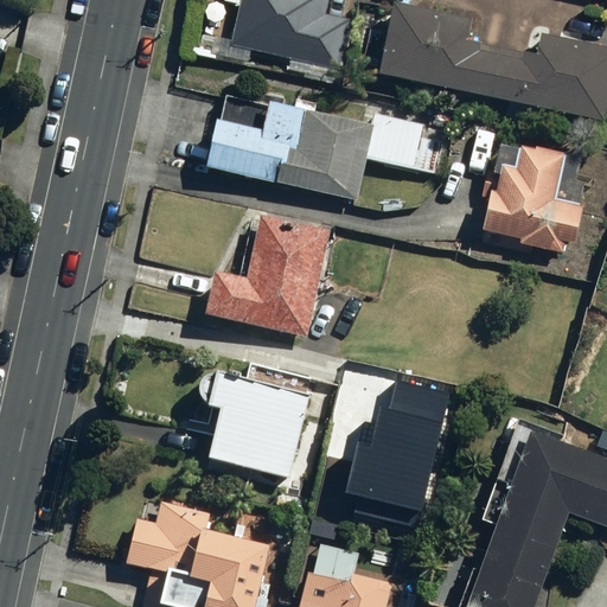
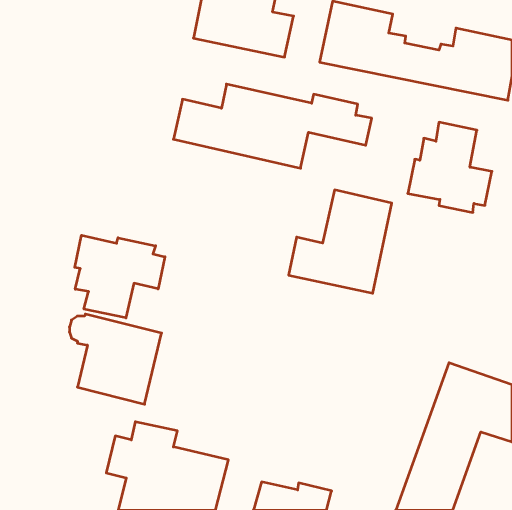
building: [206,213,328,336] -> [289,190,392,293]
building: none -> [75,235,165,318]
building: [200,370,309,477] -> [69,314,162,404]
building: [351,388,456,526] -> none

